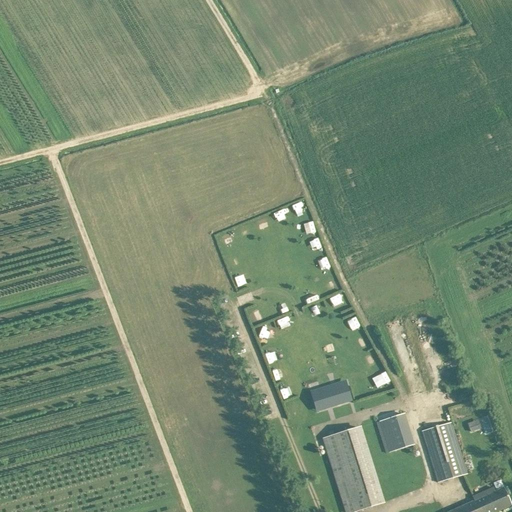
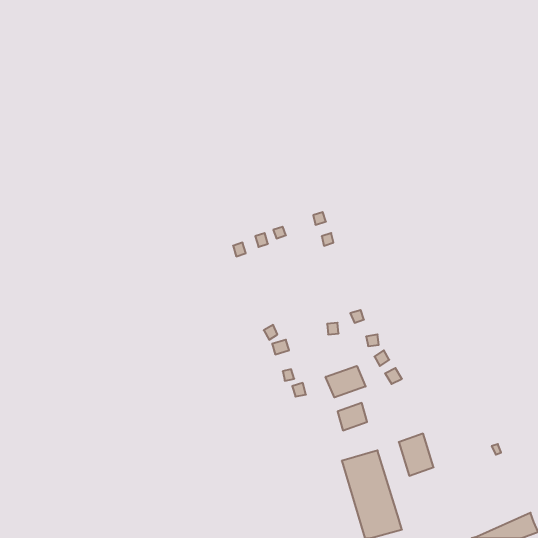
building: none -> [326,366,366,397]
building: [421,421,466,481] -> none

